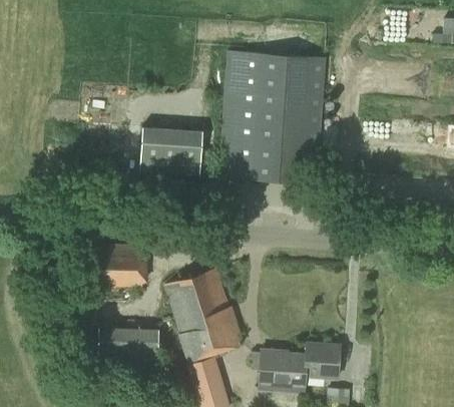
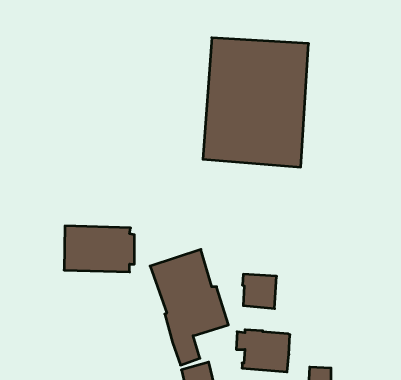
building: [137,126,200,173] -> none
building: [95,327,155,364] -> none
building: [307,343,342,378] -> [242,274,277,309]

